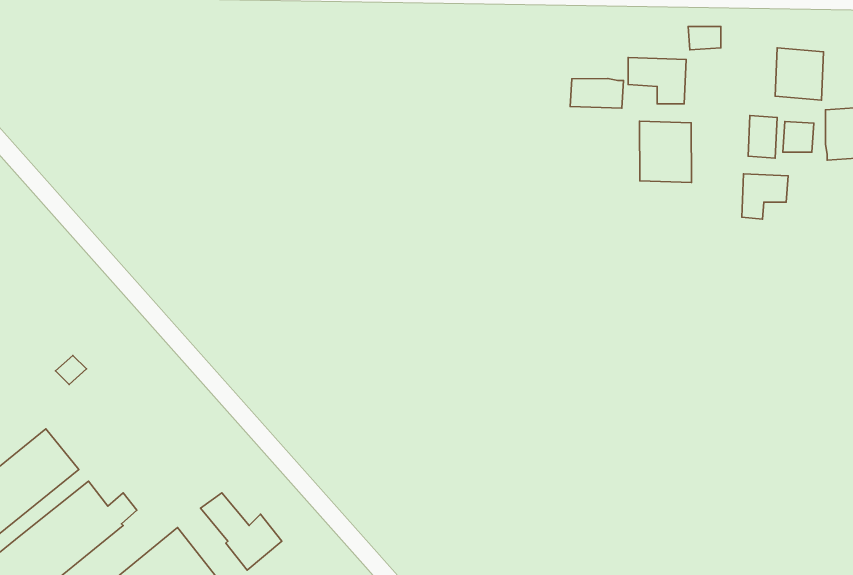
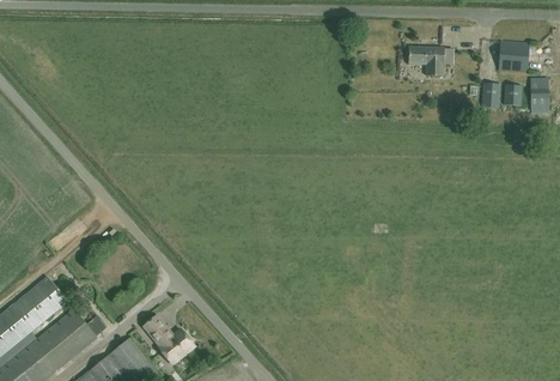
building: [570,79,624,108] -> none
building: [640,121,691,183] -> none
building: [742,174,788,219] -> none

